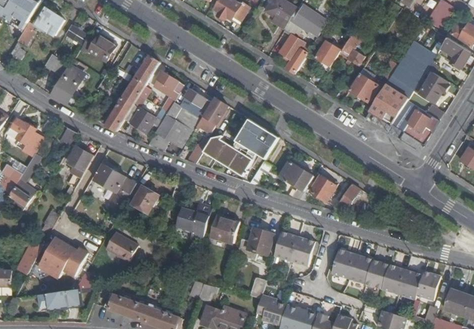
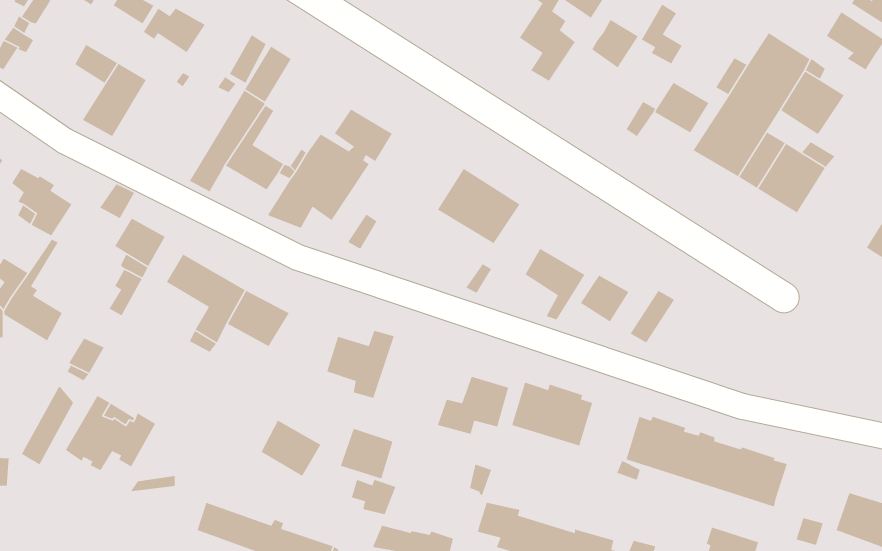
building: [152,71,183,99] -> none
building: [199,97,227,133] -> none
building: [203,135,251,175] -> none
building: [209,216,237,243] -> [340,428,393,479]
building: [104,232,136,262] -> [260,420,321,477]
building: [412,271,435,298] -> none
building: [39,291,82,311] -> none

